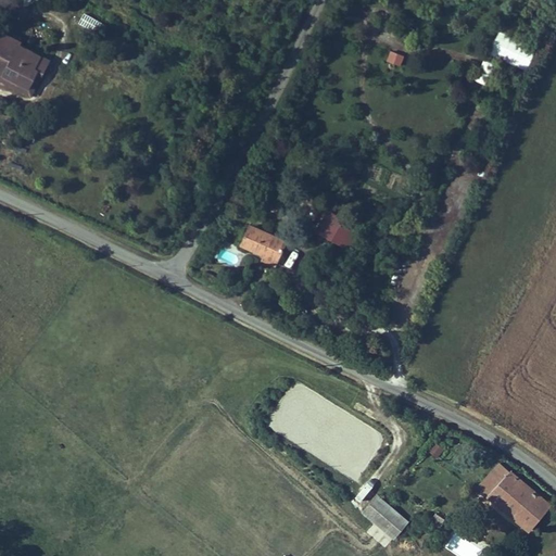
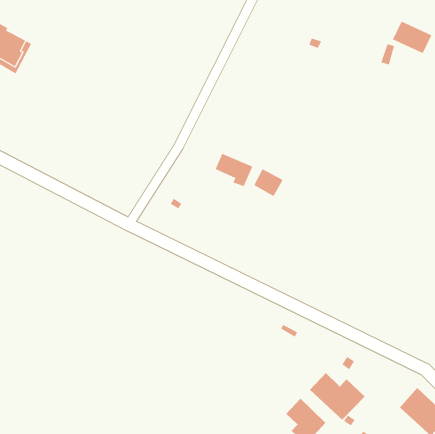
building: [239,223,286,264] -> [215,153,253,187]
building: none -> [309,372,365,421]
building: [484,468,518,504] -> none

